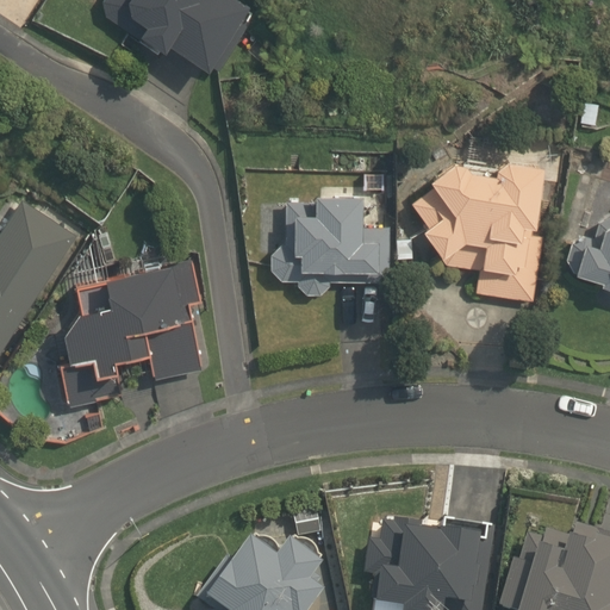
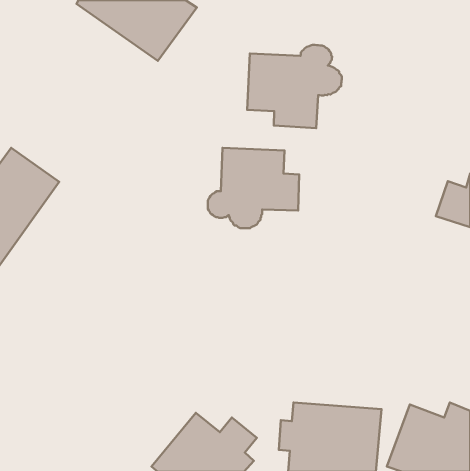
building: none -> [247,45,342,128]
building: [406,150,552,303] -> none
building: [61,261,208,409] -> none

